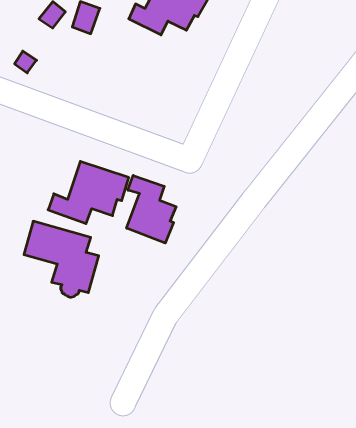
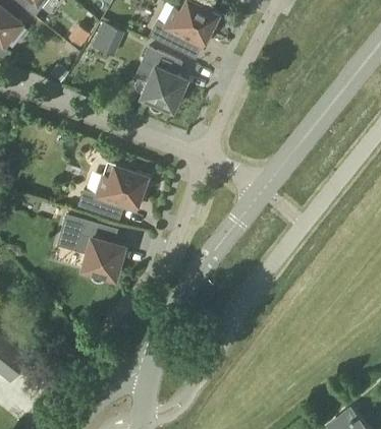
building: none -> [137,49,186,112]
building: [127,175,176,243] -> none

